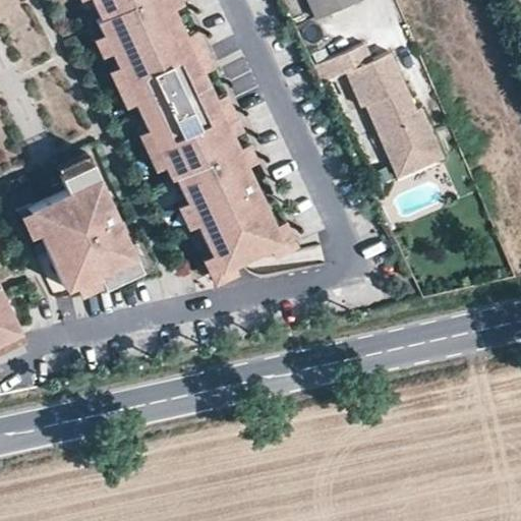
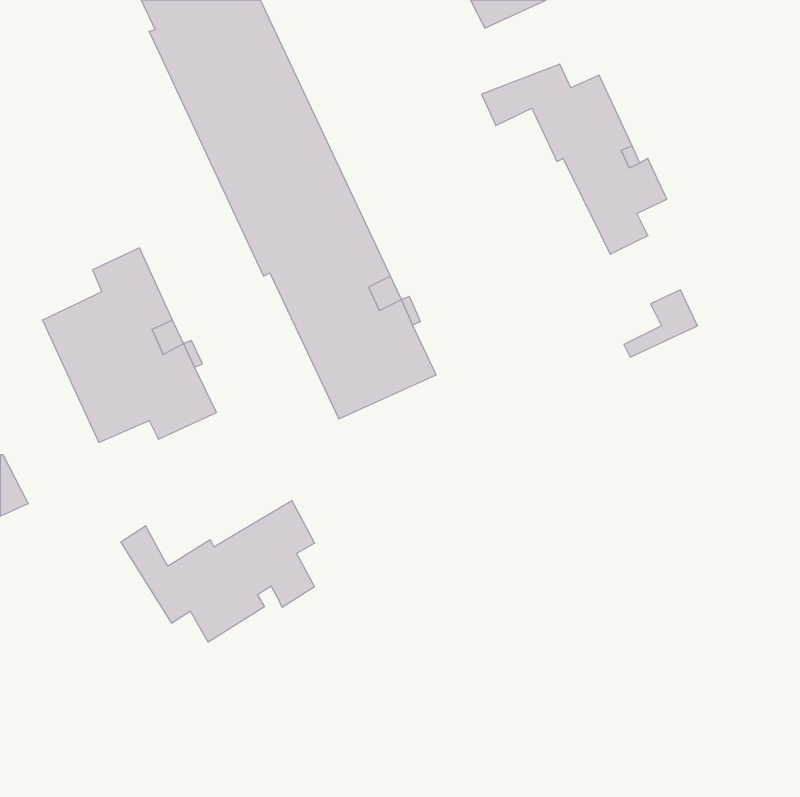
building: [397,132,445,176] -> [624,290,698,357]
building: none -> [121,500,315,642]

